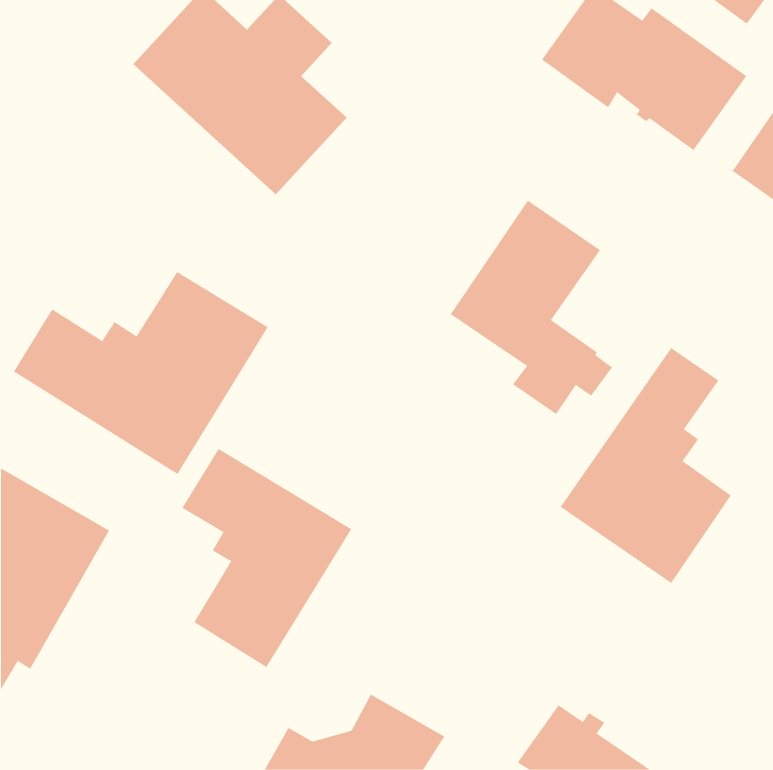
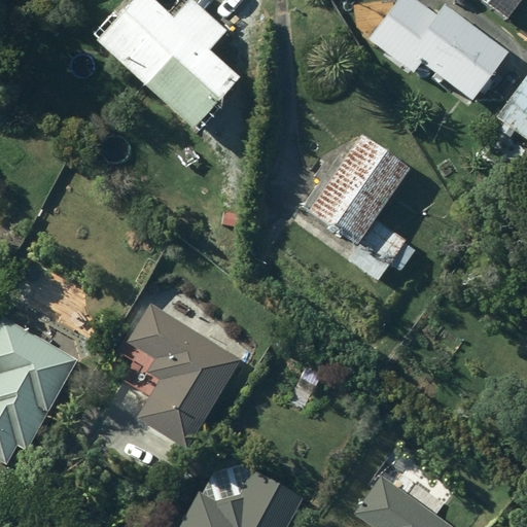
building: [13,271,269,475] -> none
building: [560,347,732,584] -> none

